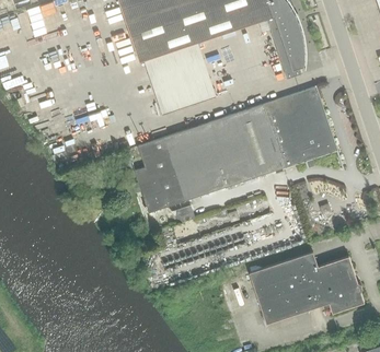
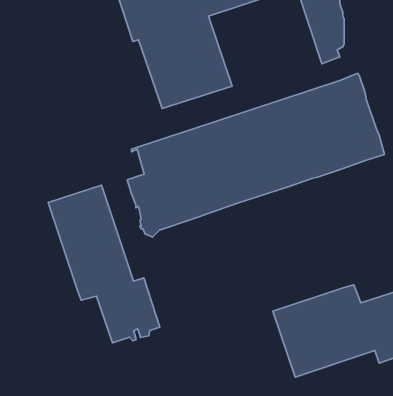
building: none -> [48,185,160,343]

